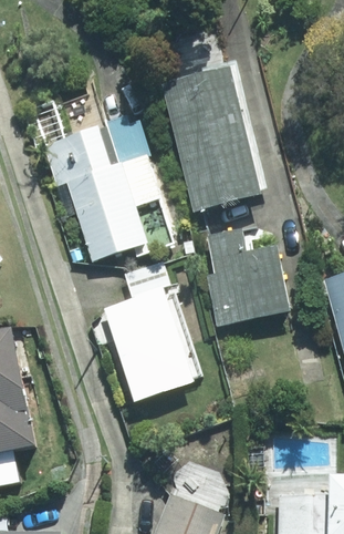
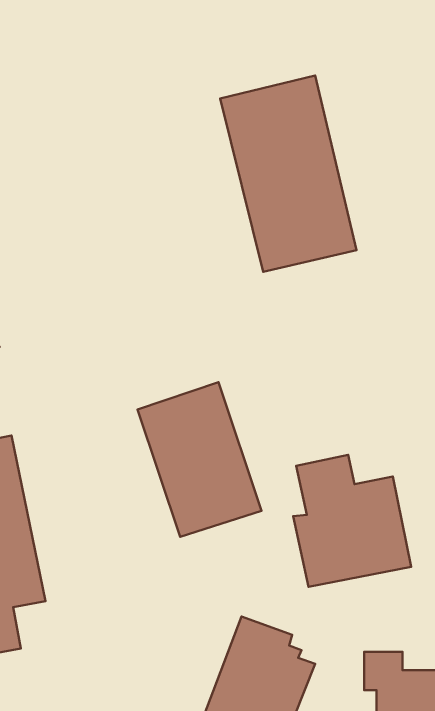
building: [41,126,161,261] -> none
building: [205,229,290,325] -> [293,455,411,587]

